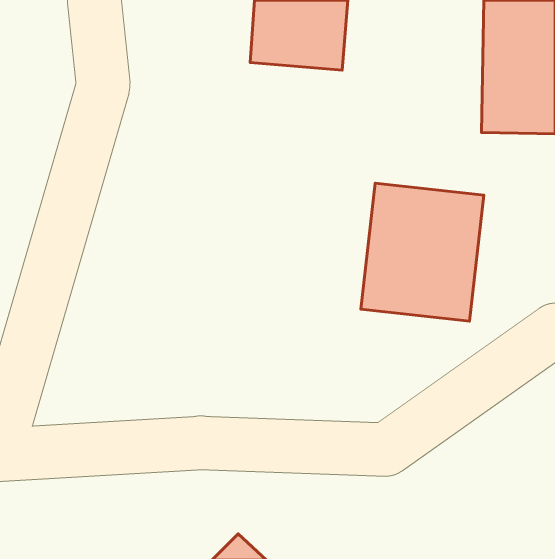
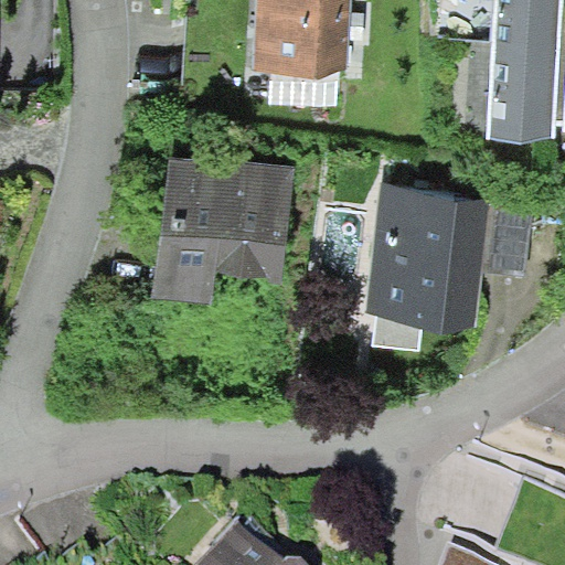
building: none -> [154,157,294,309]

